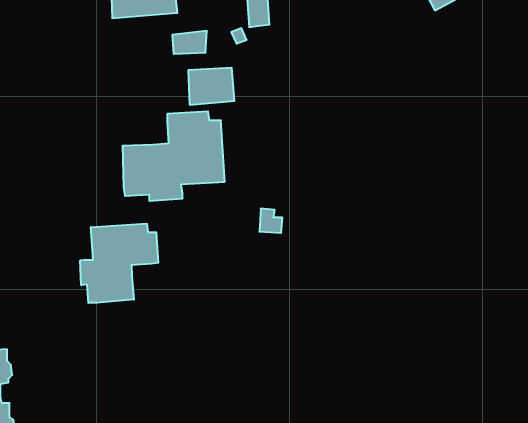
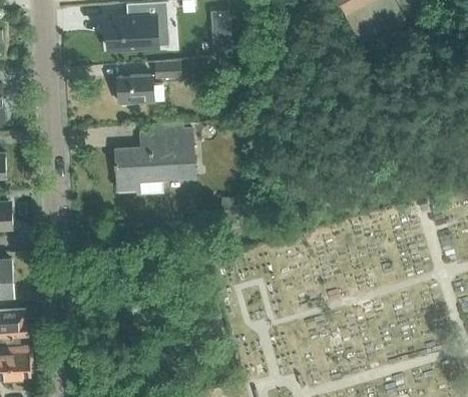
building: [188,68,234,105] -> [117,76,153,105]
building: [80,224,158,303] -> none

